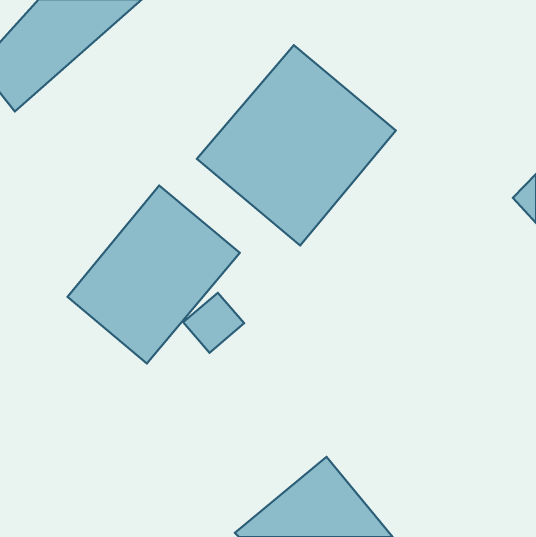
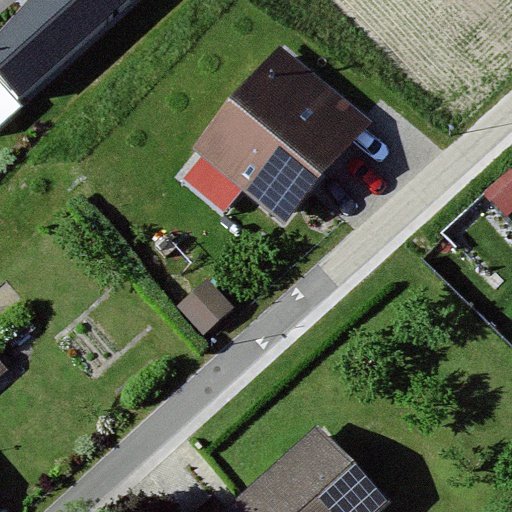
building: [67,186,240,364] -> none

